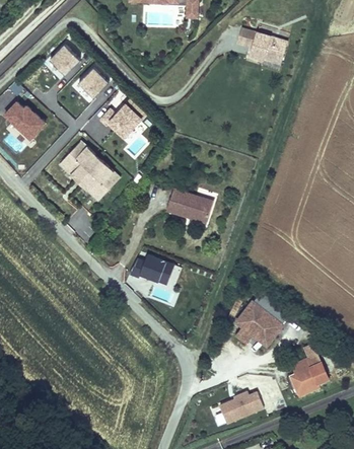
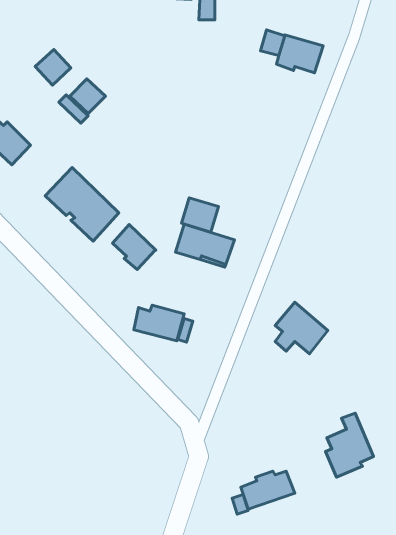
building: [98,102,143,139] -> none
building: none -> [181,198,219,232]
building: none -> [112,225,156,270]
building: [236,304,280,347] -> [275,302,328,354]

